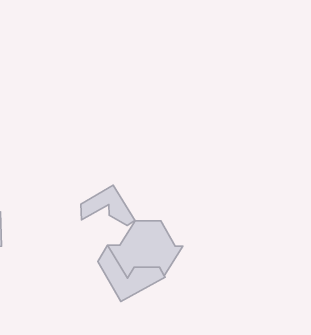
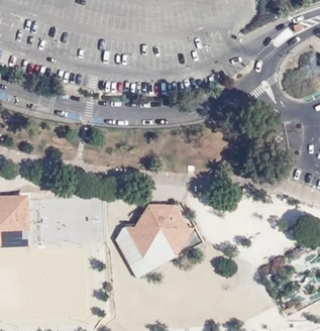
building: [81,185,135,226] -> none

